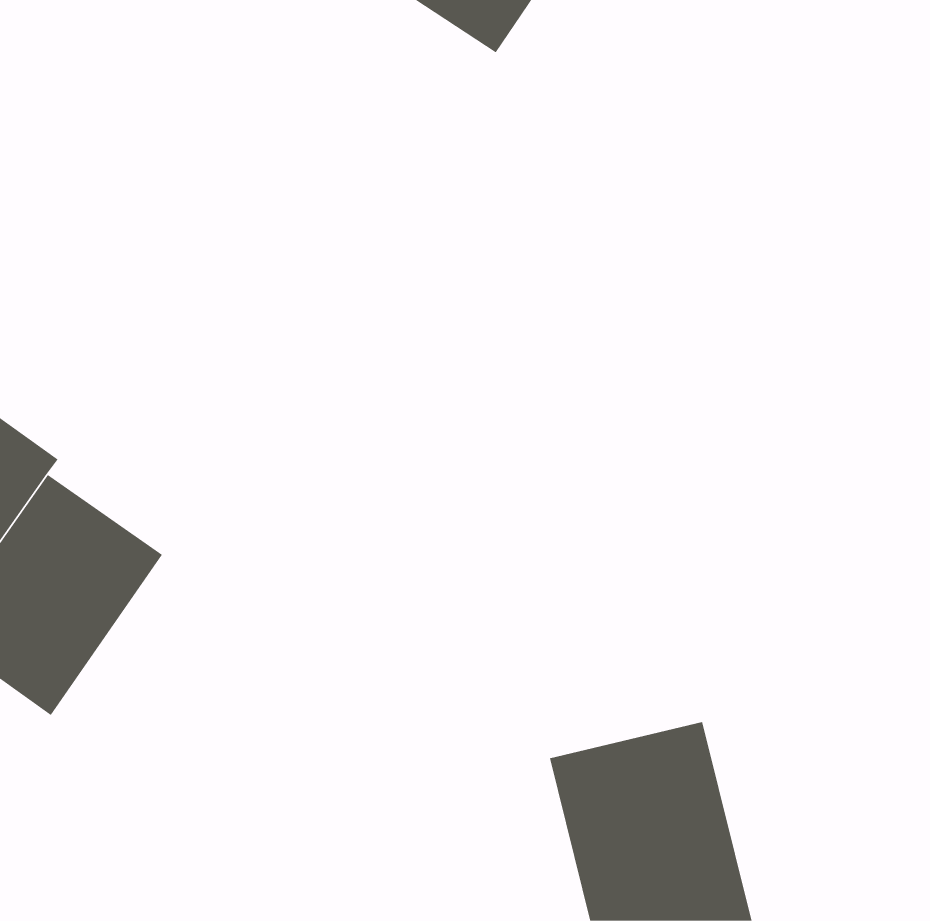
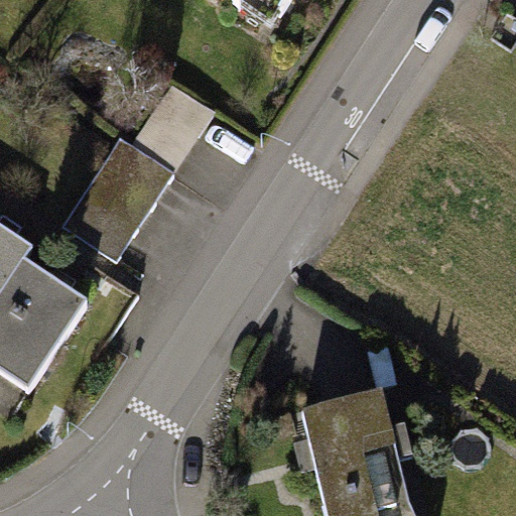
building: none -> [61,82,216,258]

